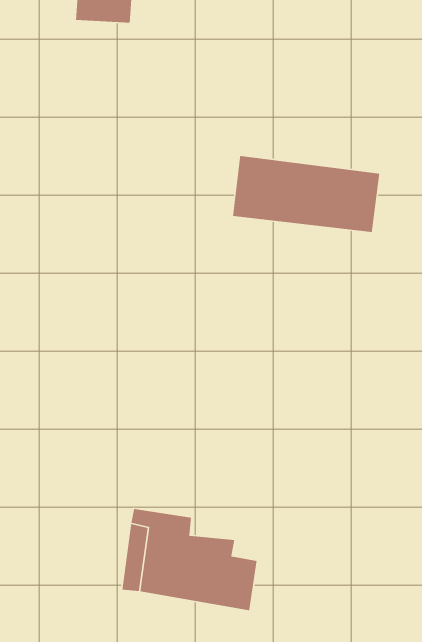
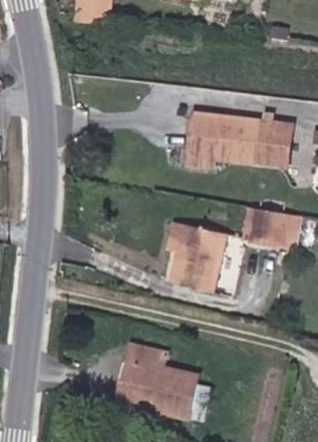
building: none -> [245,206,289,242]
building: none -> [161,222,218,292]

